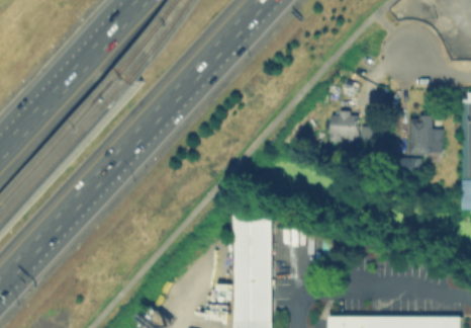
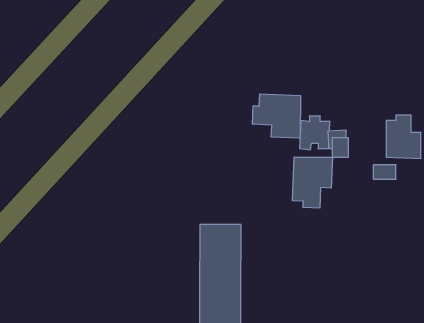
building: none -> [253,94,300,138]
building: none -> [293,157,332,208]

